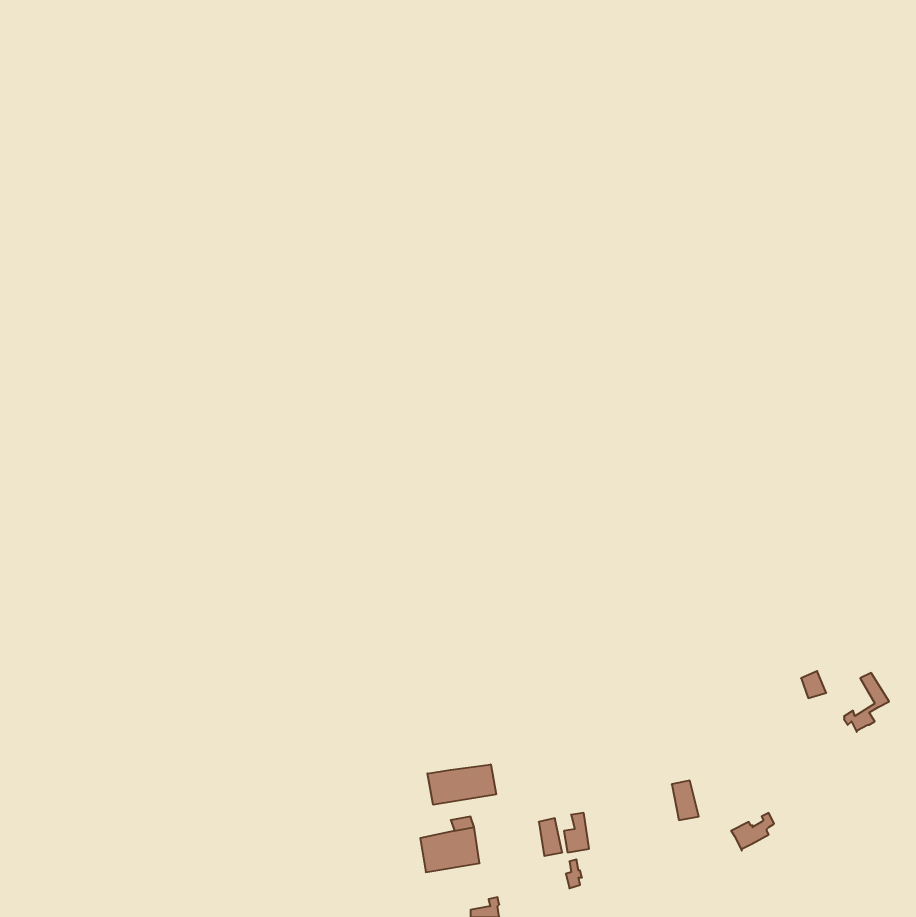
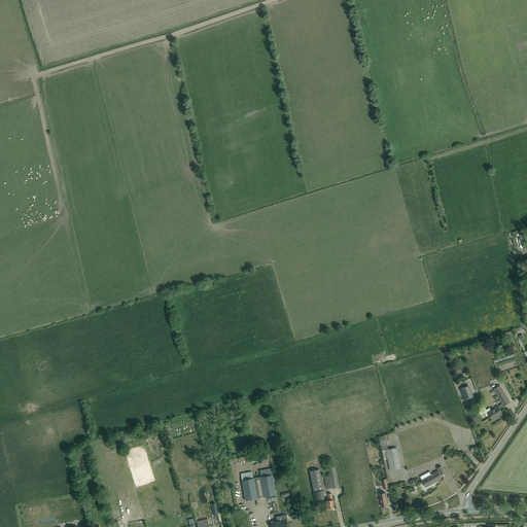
building: [427,764,496,805] -> none

